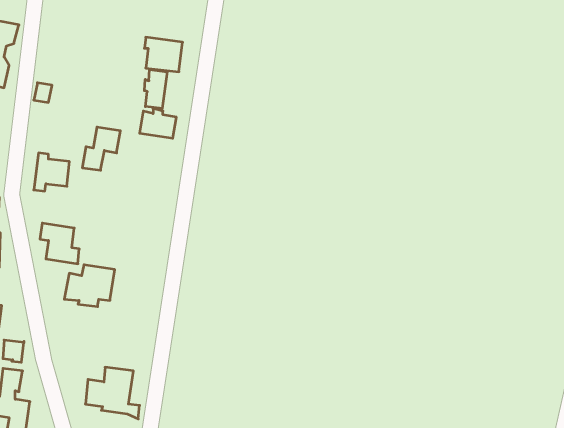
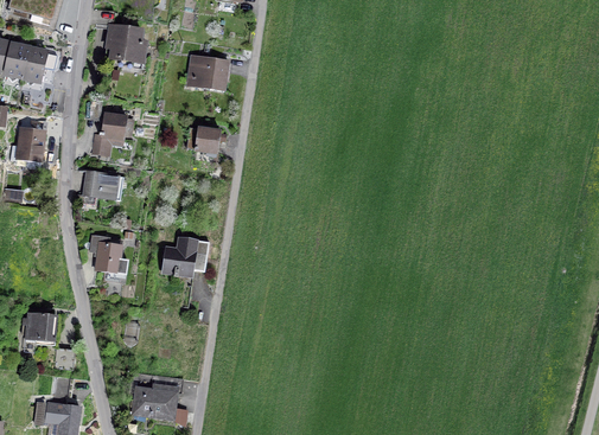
building: none -> [106,26,144,63]
building: [144,70,167,108] -> none
building: [82,127,120,170] -> [90,114,127,155]
building: [64,265,115,307] -> [160,237,209,277]

